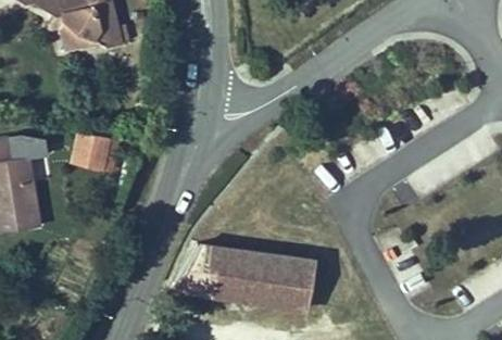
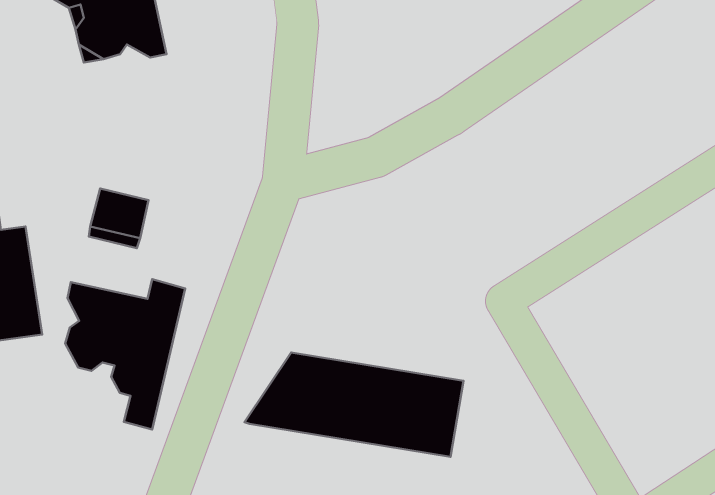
building: none -> [65,279,185,430]

